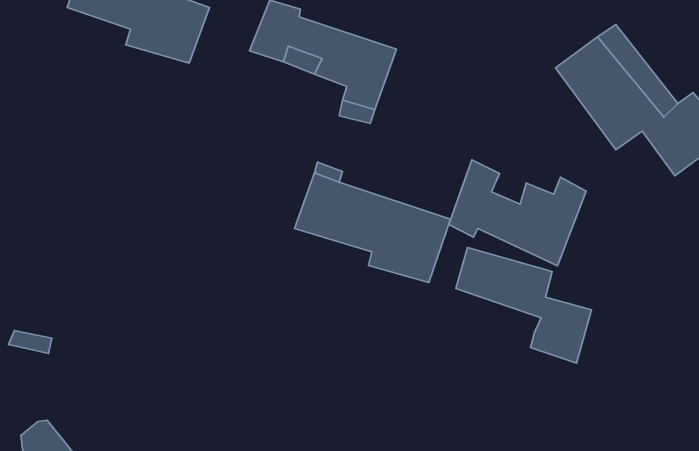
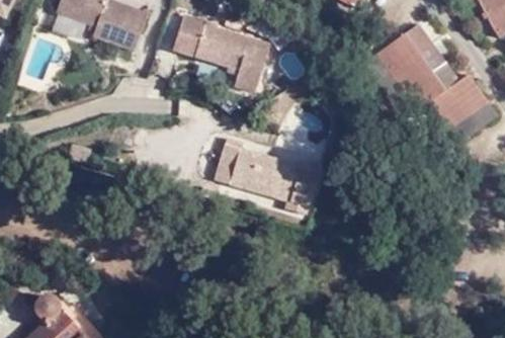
building: [449,160,586,266] -> none
building: [456,247,592,363] -> none

